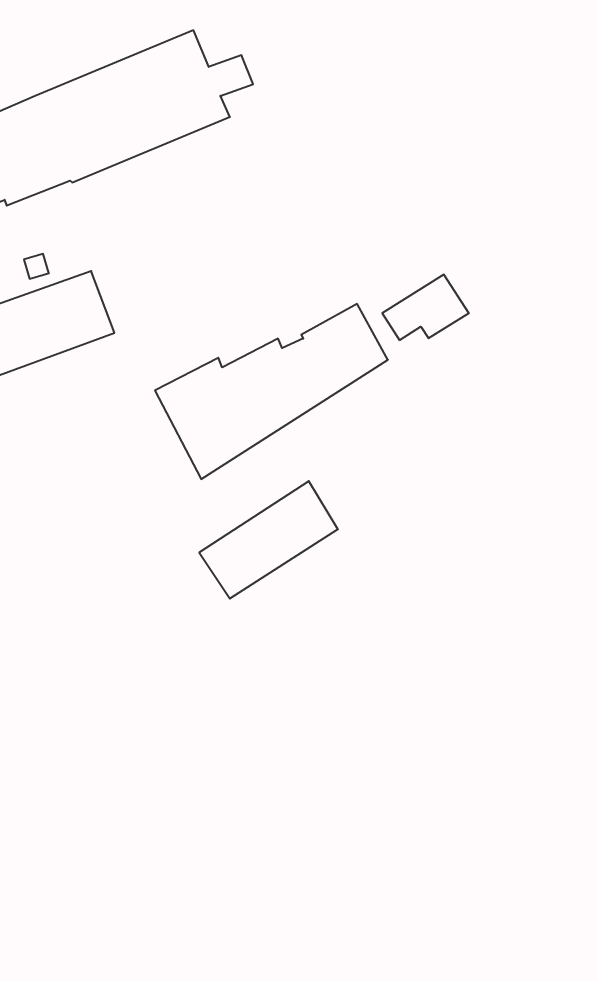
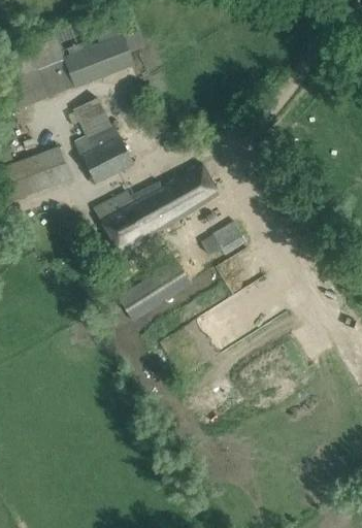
building: none -> [70,97,134,184]
building: [382,275,469,340] -> [200,221,246,256]

